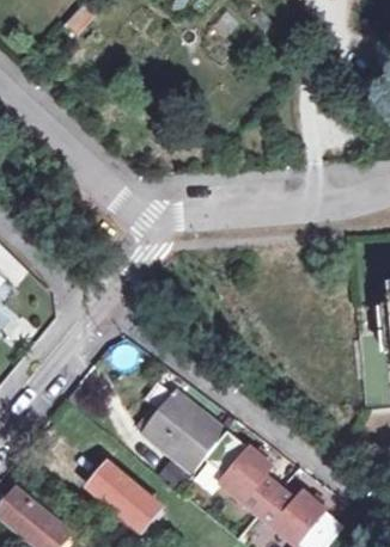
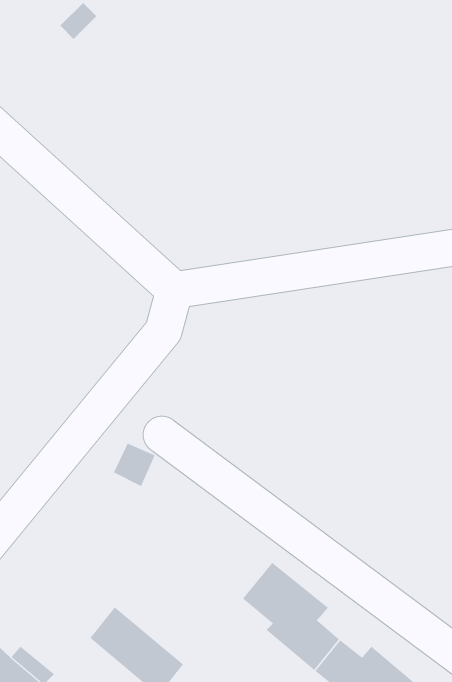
building: [142,388,226,469] -> none

